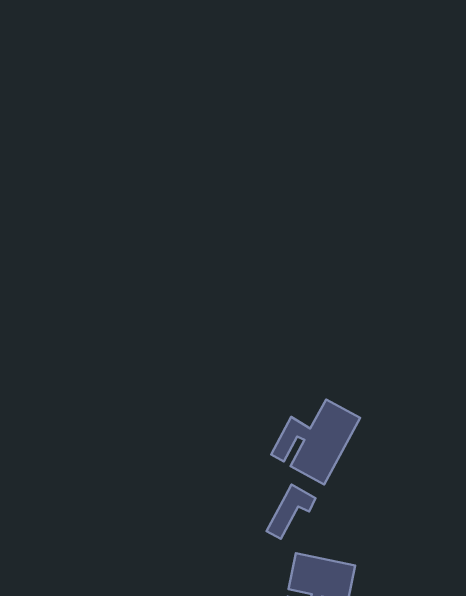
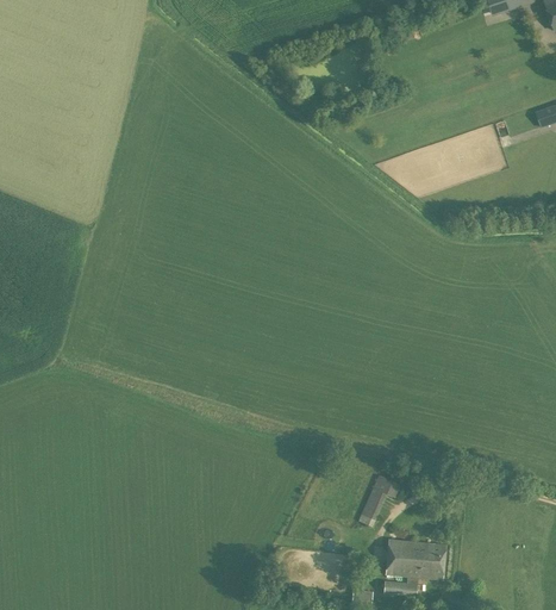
building: [271,400,360,484] -> none

